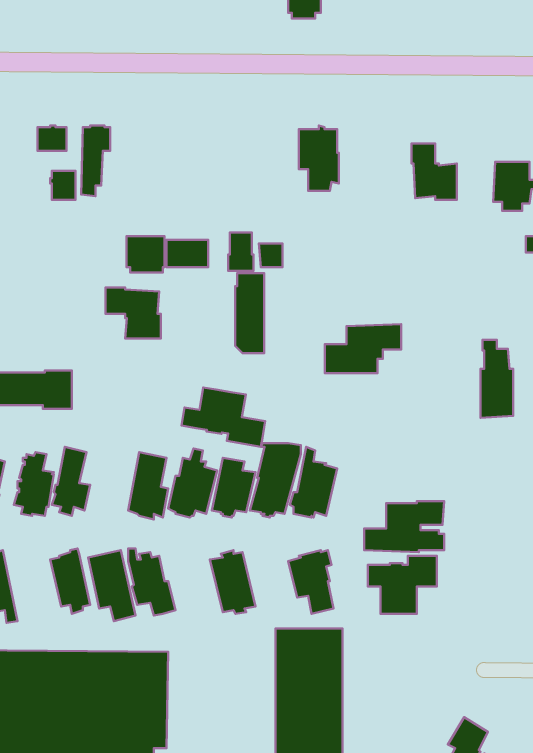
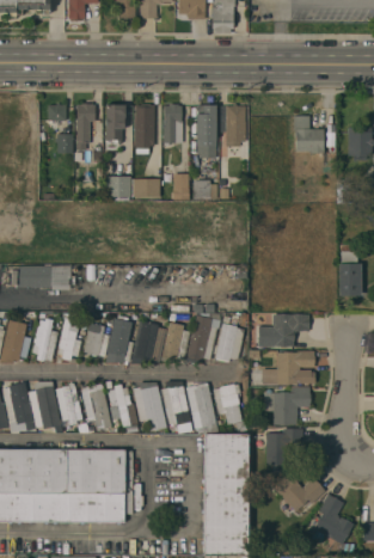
building: none -> [135,103,153,140]
building: none -> [105,104,124,149]
building: none -> [163,105,182,142]
building: [235,273,264,353] -> [196,104,215,157]
building: [105,288,161,338] -> none
building: [325,324,401,373] -> [258,313,308,345]
building: [181,387,265,447] -> none
building: none -> [84,318,109,356]
building: none -> [185,381,215,427]
building: none -> [131,382,166,430]
building: none -> [29,385,60,428]
building: none -> [265,428,302,464]
building: none -> [272,472,325,510]

